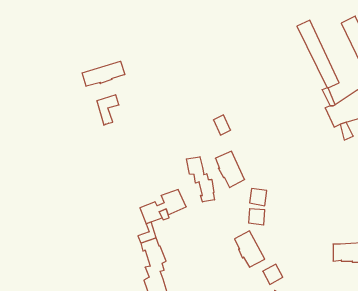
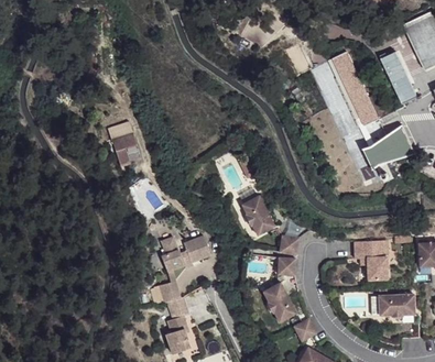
building: [82,61,125,86] -> none
building: [186,157,214,202] -> none
building: none -> [355,240,388,279]

